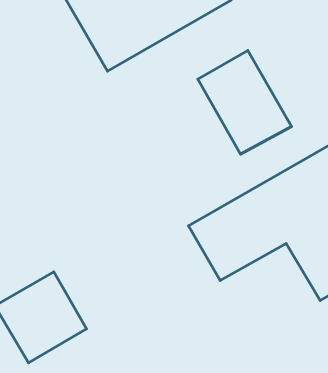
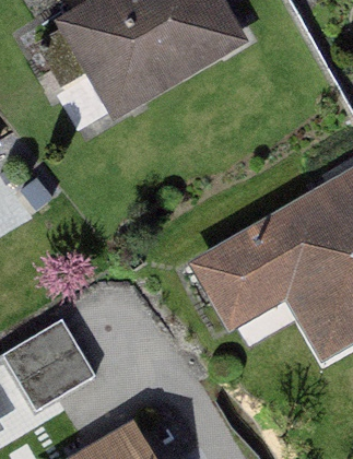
building: [198,51,291,154] -> none

